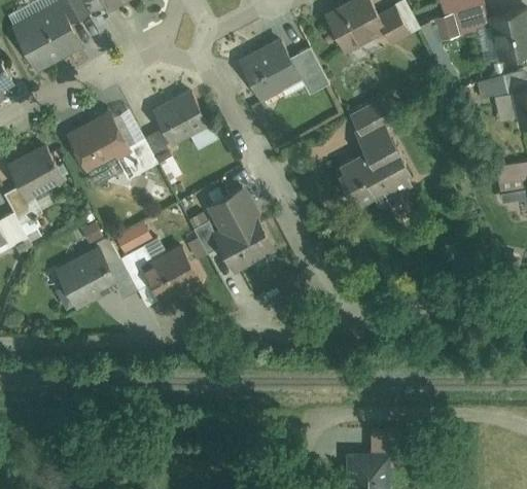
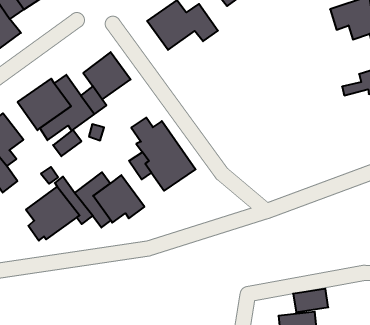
building: [336,98,413,211] -> none
building: [115,221,151,252] -> [53,130,81,156]

